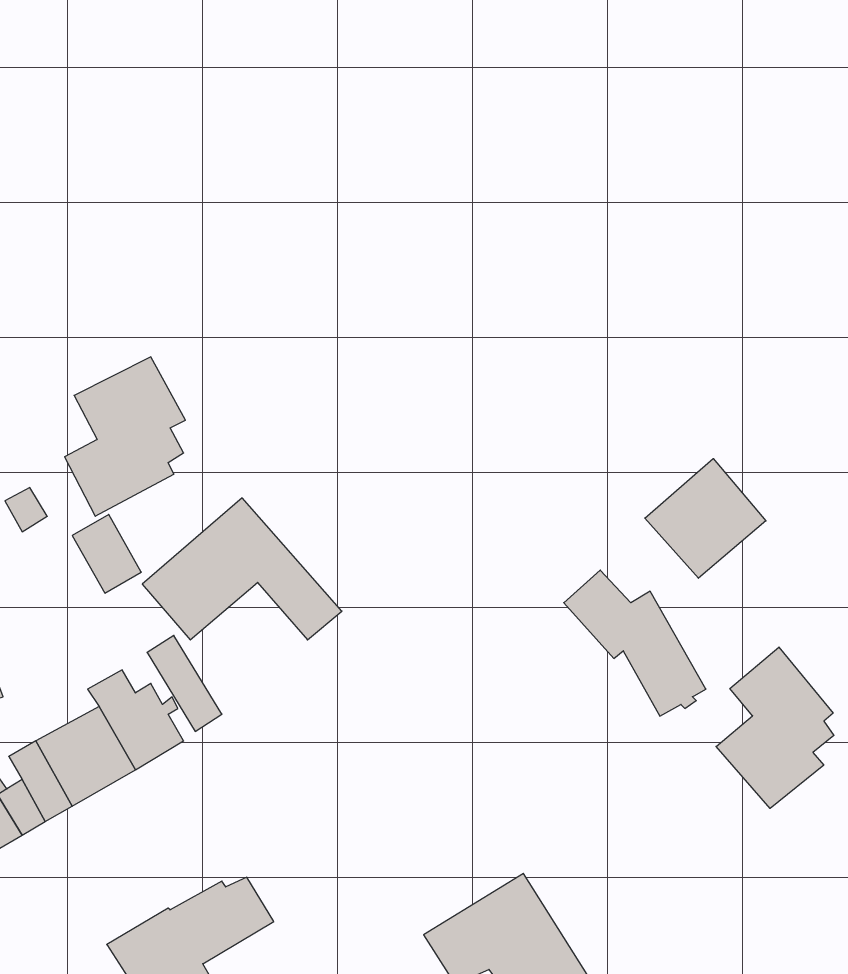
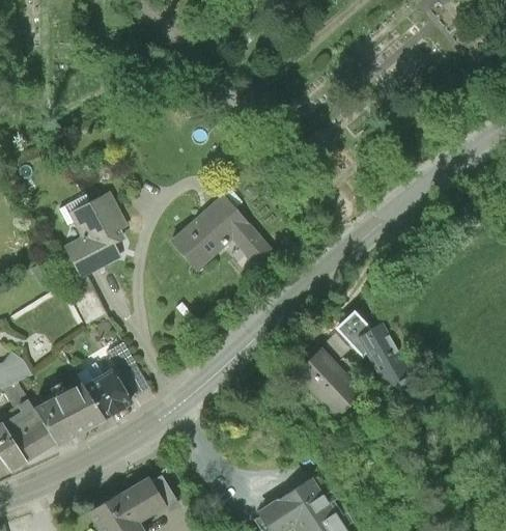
building: [645,459,766,578] -> none
building: [142,498,342,640] -> [168,196,276,273]
building: none -> [296,348,360,414]
building: [716,647,834,808] -> none

